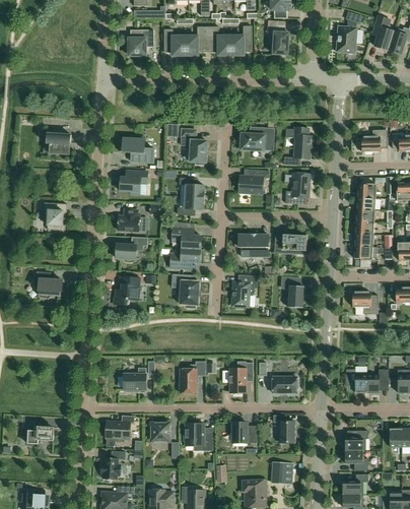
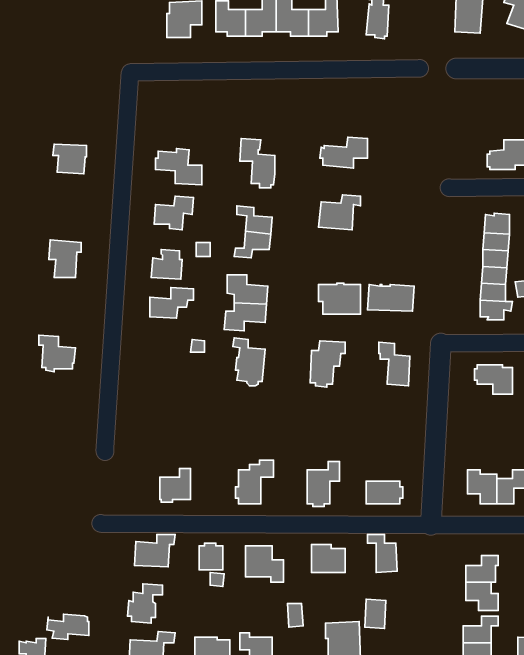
building: [283,127,312,166] -> none
building: [284,173,310,204] -> none
building: [113,276,139,305] -> none
building: [22,426,53,444] -> [47,614,89,640]

